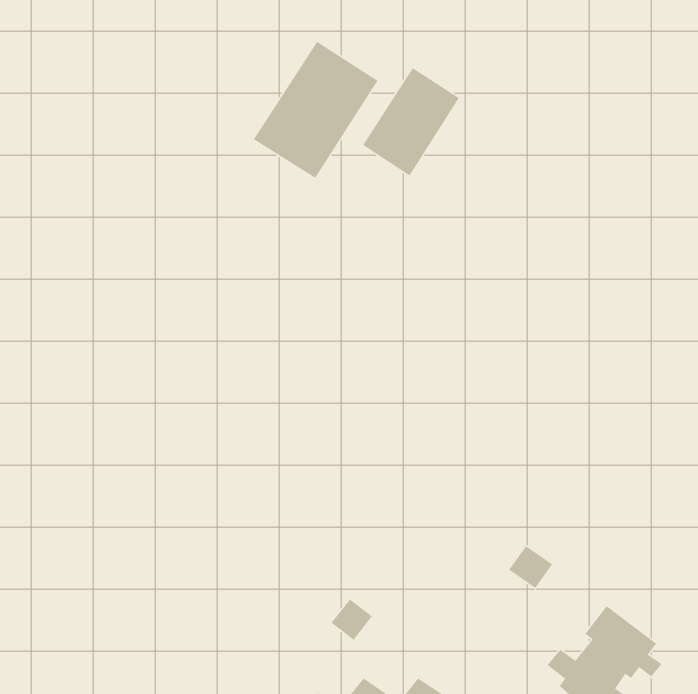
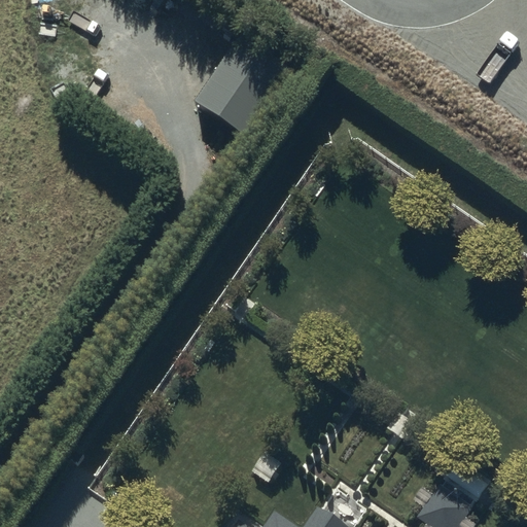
building: [362,67,460,177] -> none

